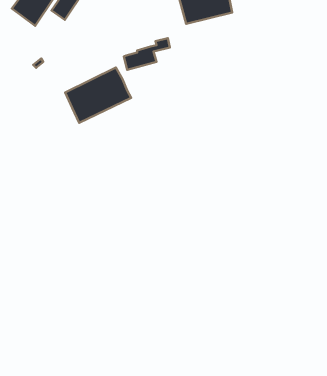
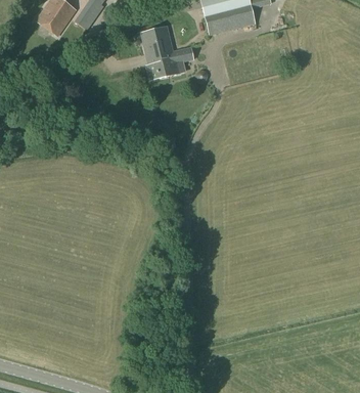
building: none -> [141,27,174,59]
building: [65,67,131,123] -> none

